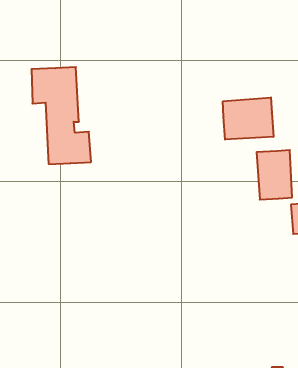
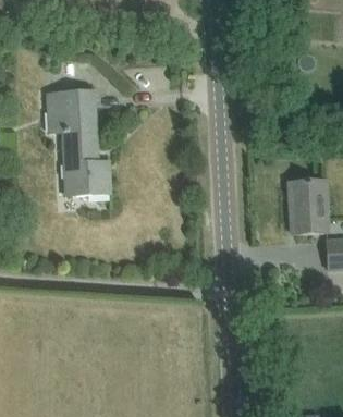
building: [223,97,273,140] -> none

